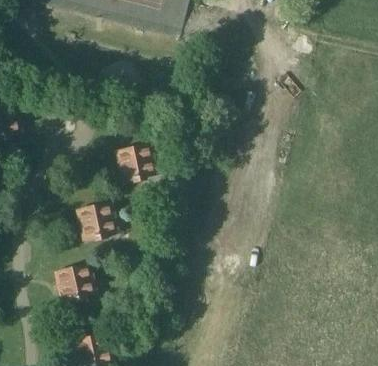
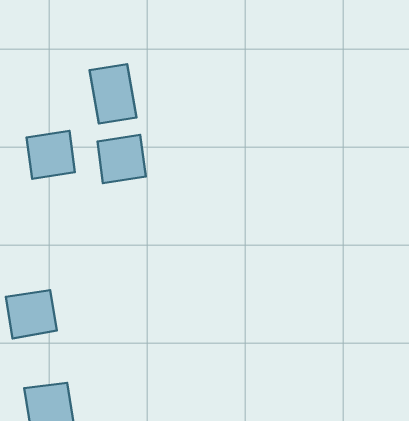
building: none -> [89,64,136,124]
building: [77,201,115,239] -> [27,131,75,179]

